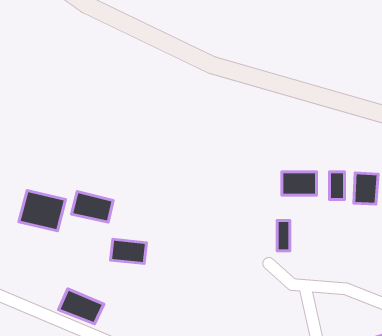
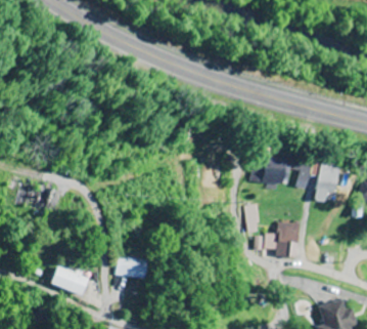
building: [72,191,113,222] -> none
building: [110,239,146,264] -> [120,256,151,278]
building: none -> [266,221,300,247]

